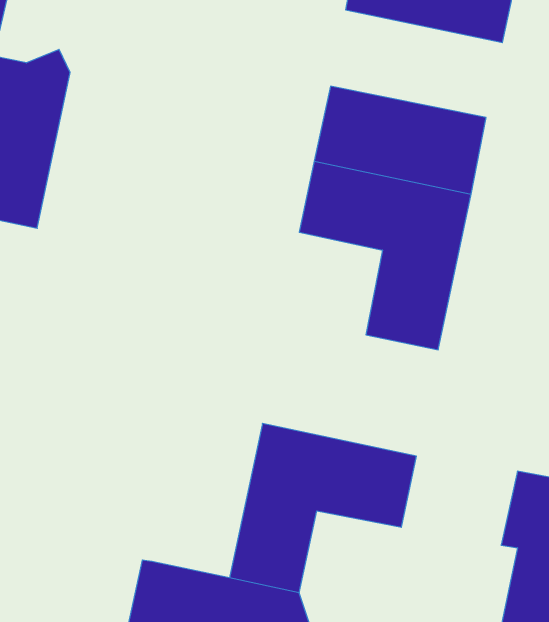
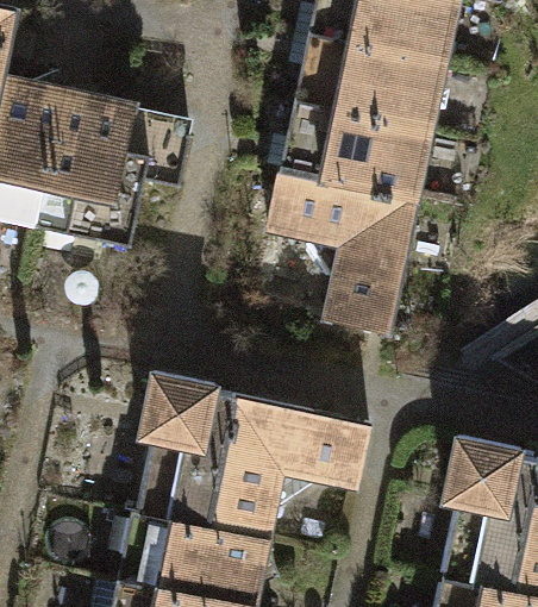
building: none -> [295,35,445,129]
building: none -> [39,89,155,252]
building: none -> [139,373,236,530]

